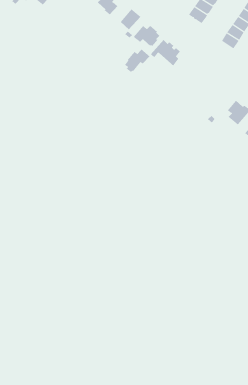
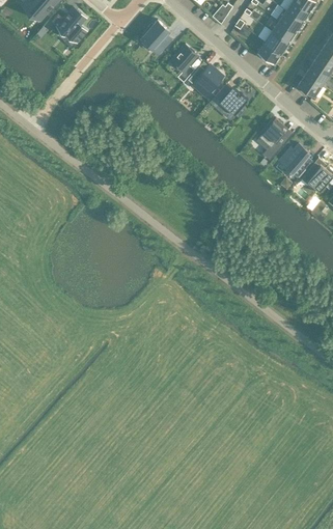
building: [124,49,150,73] -> none
building: none -> [255,119,289,161]
building: none -> [279,144,308,178]

